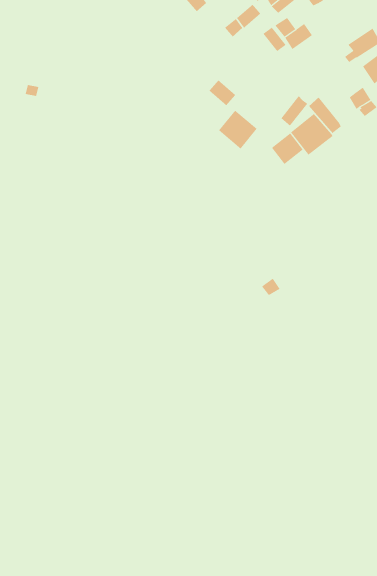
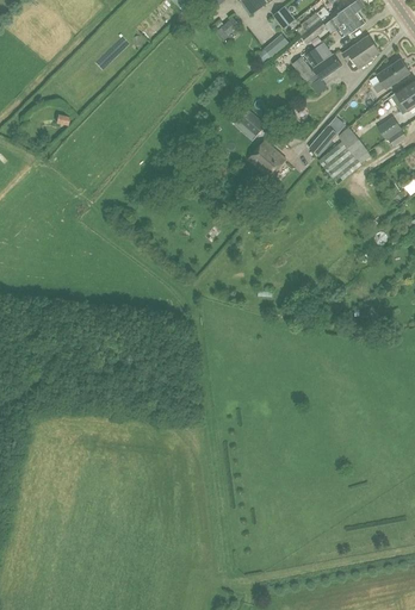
building: none -> [343,35,379,69]
building: [271,133,303,165] -> none

